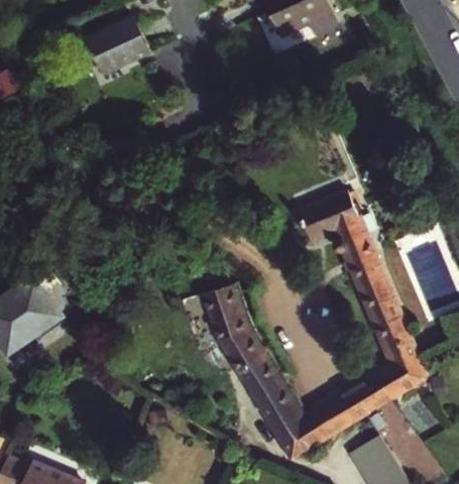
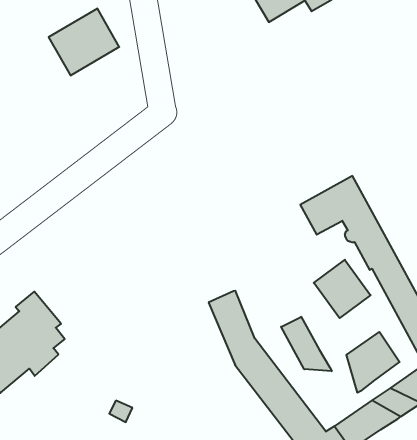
building: none -> [314,260,371,318]
building: none -> [281,317,332,371]
building: none -> [346,332,400,393]

